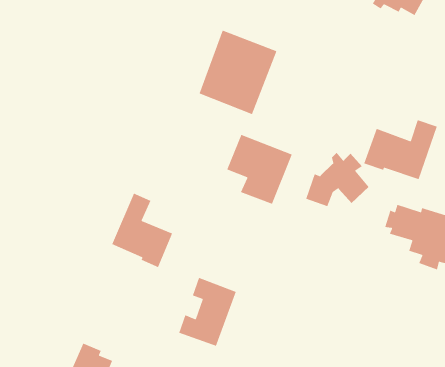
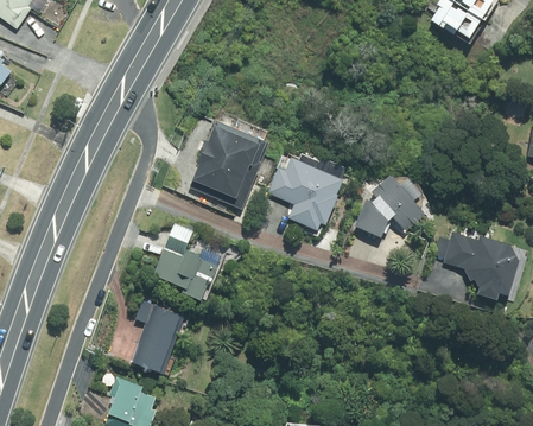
building: [198,29,277,115] -> [186,122,269,212]
building: [363,119,438,180] -> none
building: [178,277,237,347] -> [121,300,183,374]

